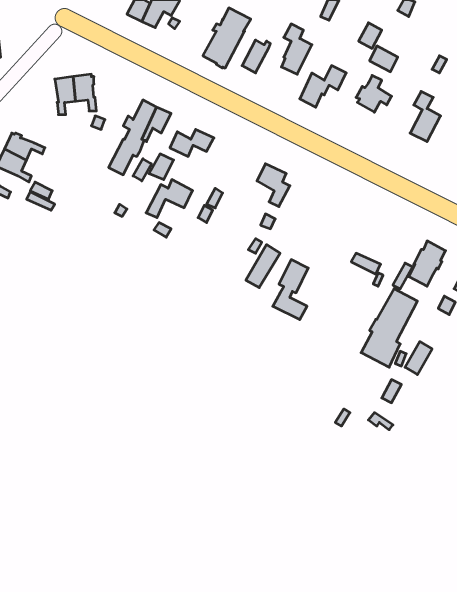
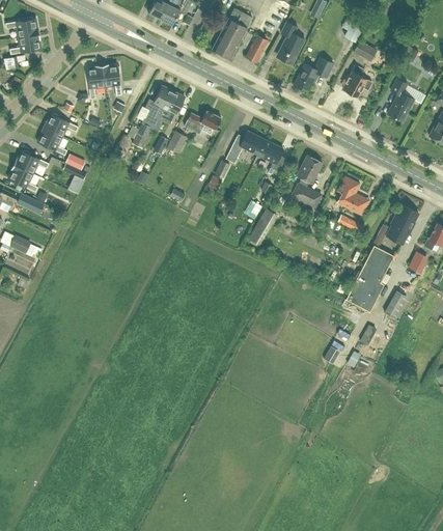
building: [146,180,193,218] -> [225,130,265,162]
building: none -> [336,175,368,214]
building: [273,260,308,320] -> [292,155,322,205]

